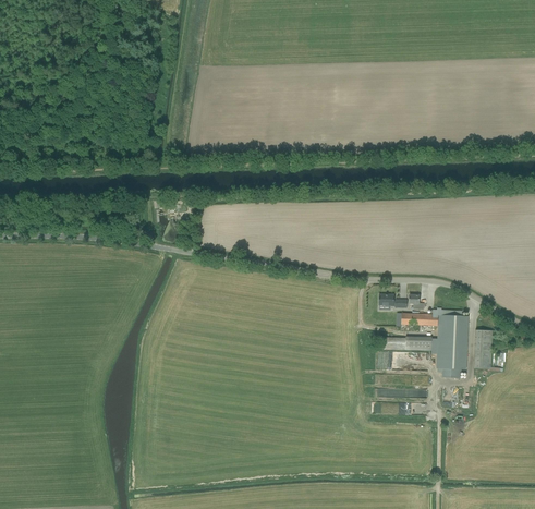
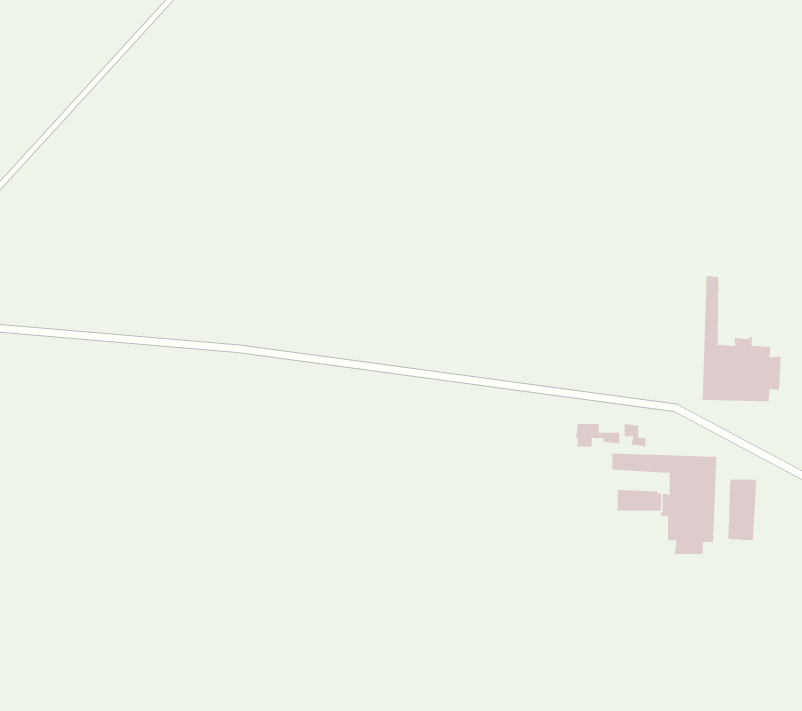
building: none -> [702,275,782,402]

